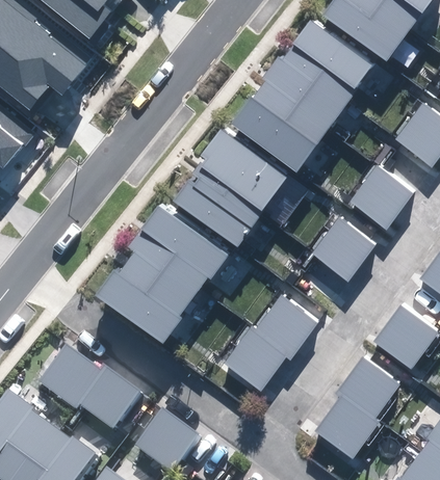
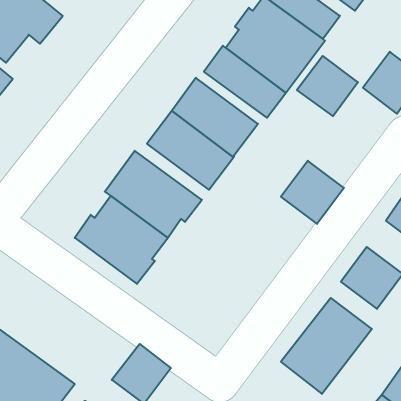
building: [350,167,413,230] -> [297,56,358,116]
building: [223,292,317,392] -> none
building: [41,341,141,429] -> none

